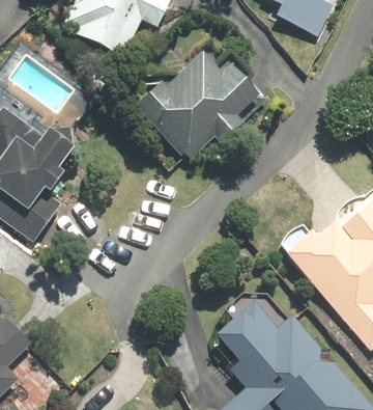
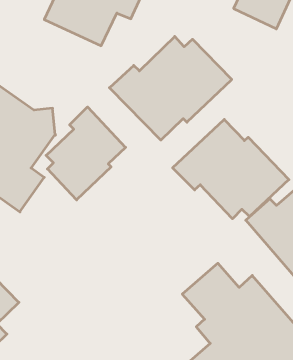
building: none -> [46,107,126,200]
building: none -> [173,119,289,219]

